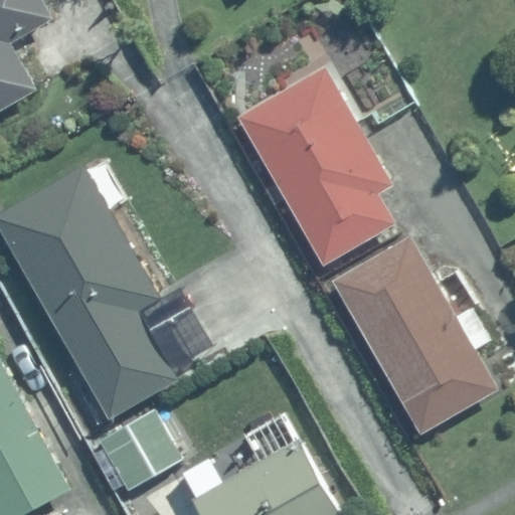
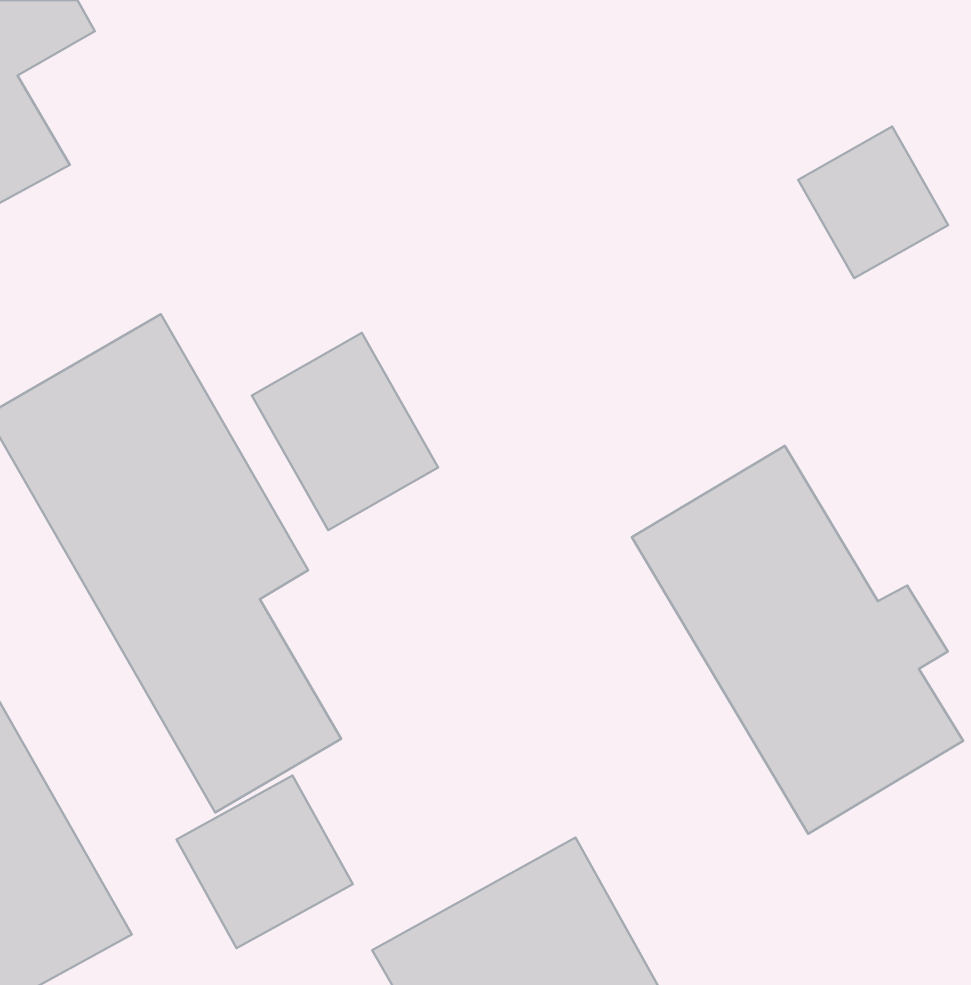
building: [233,61,398,268] -> none
building: none -> [798,127,948,278]
building: none -> [252,333,438,530]

